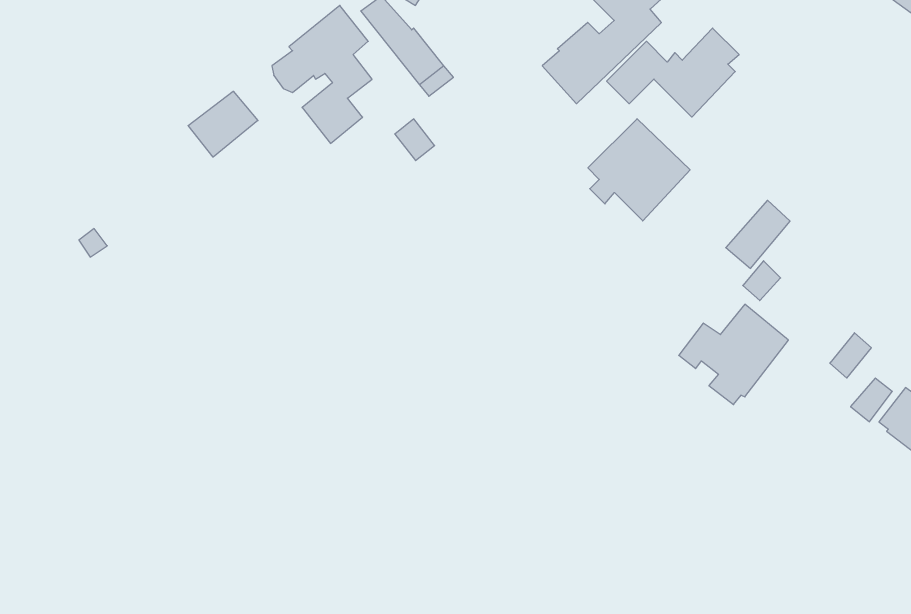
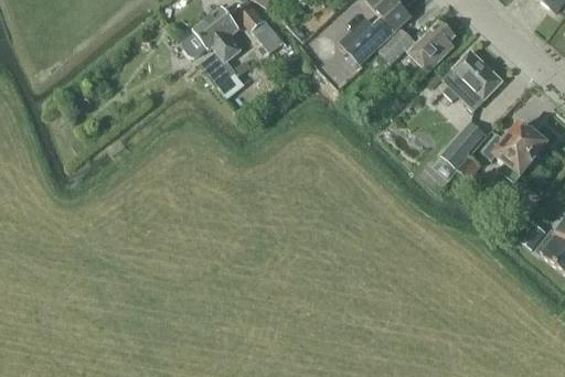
building: [188,91,258,157] -> none
building: [588,119,690,221] -> [441,51,501,110]
building: [679,304,788,405] -> [482,123,546,182]

